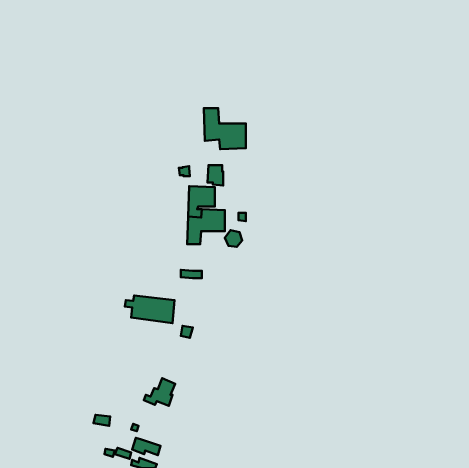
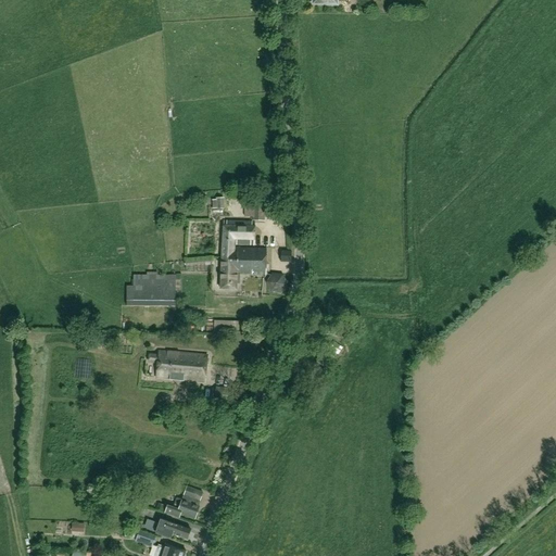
building: [204,108,246,149] -> none
building: none -> [131,275,174,305]
building: [144,378,175,406] -> [165,485,202,518]

